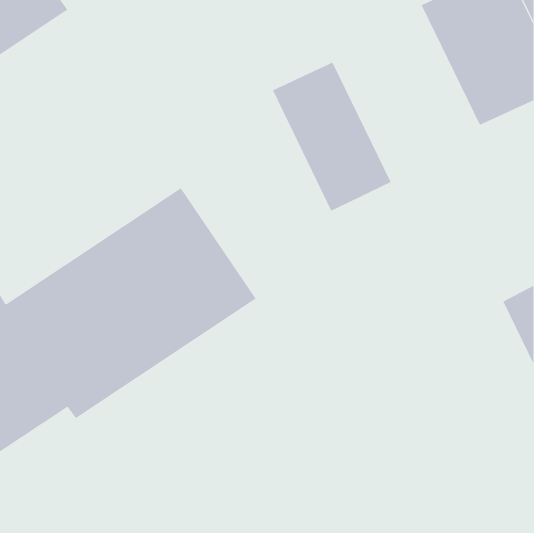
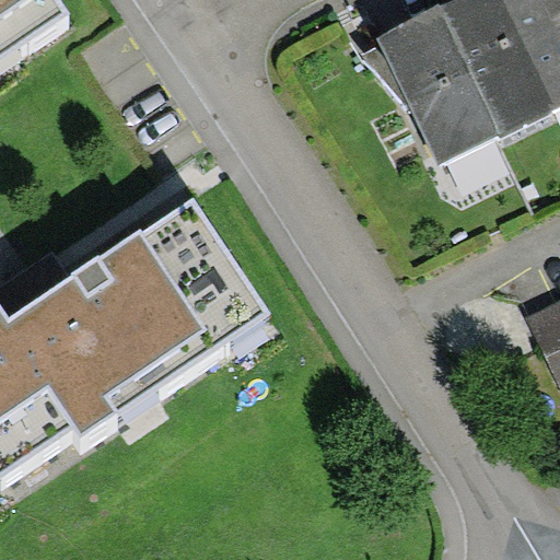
building: [272,62,392,212] -> [376,5,501,162]

